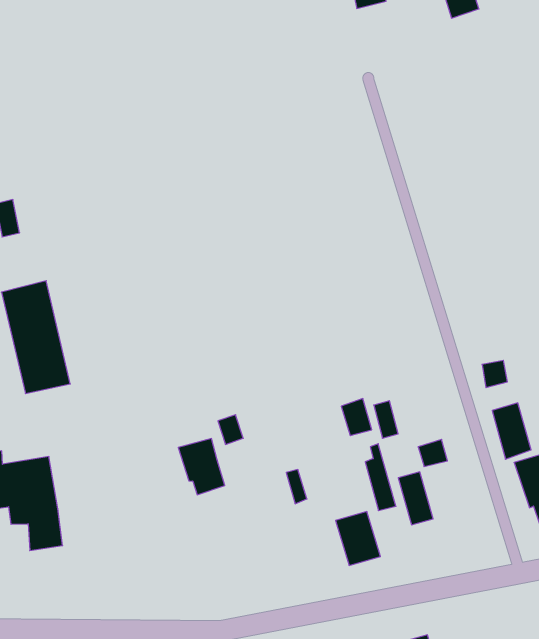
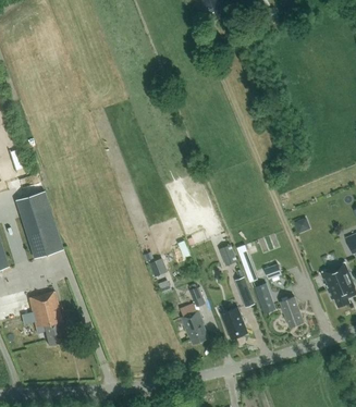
building: [492,403,531,459] -> [280,296,304,329]
building: [178,439,225,495] -> [181,311,209,344]

